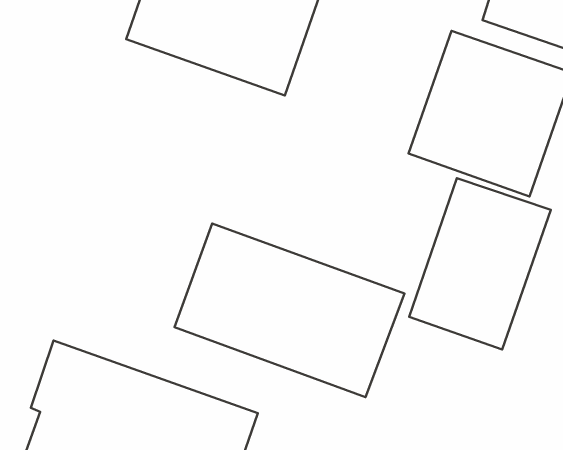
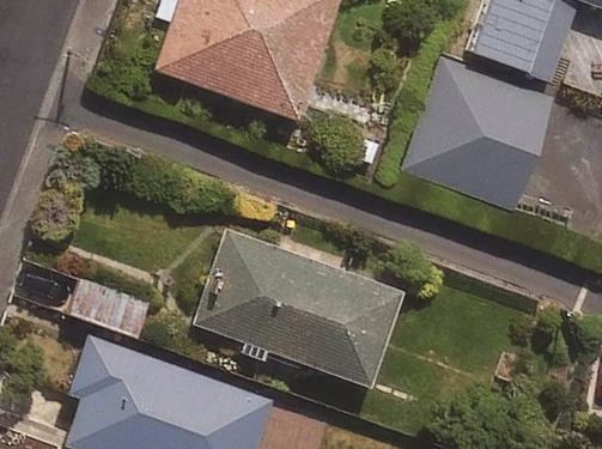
building: [409,178,551,350] -> none

